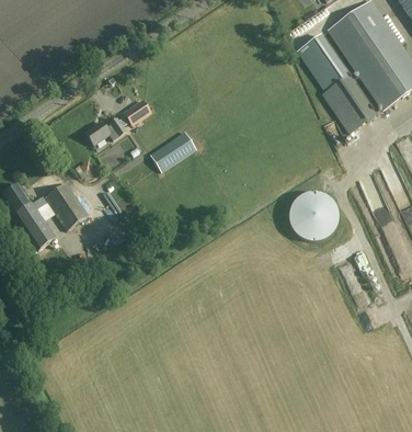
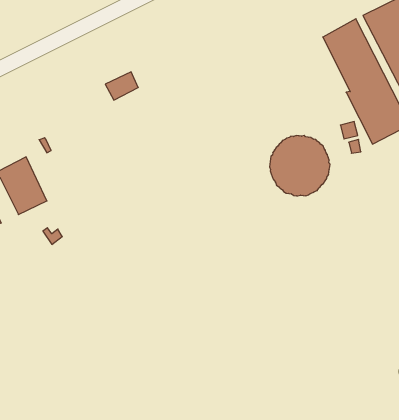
building: [84,116,125,143] -> none
building: [149,130,195,170] -> none
building: [288,191,337,241] -> [270,135,330,196]

